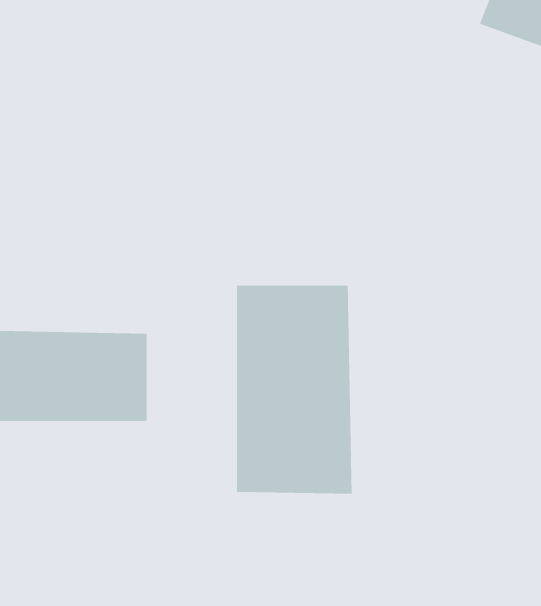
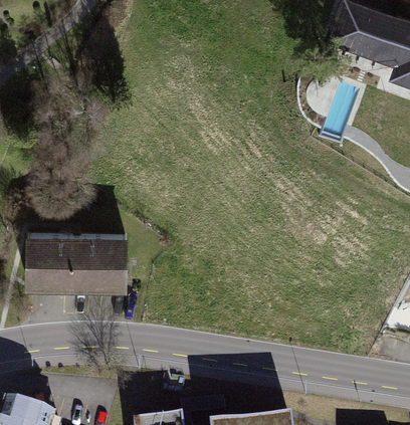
building: [236,285,352,494] -> none

